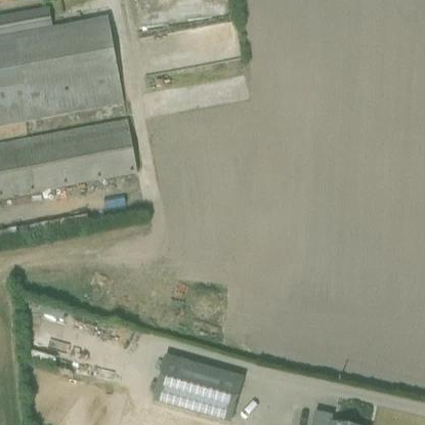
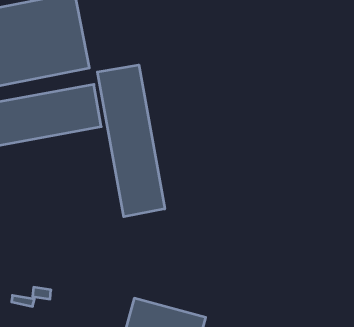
building: none -> [97,65,165,217]

